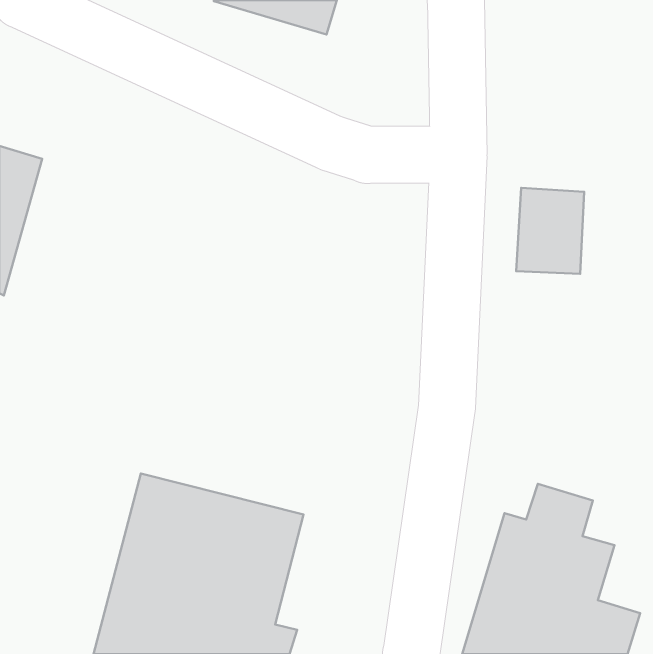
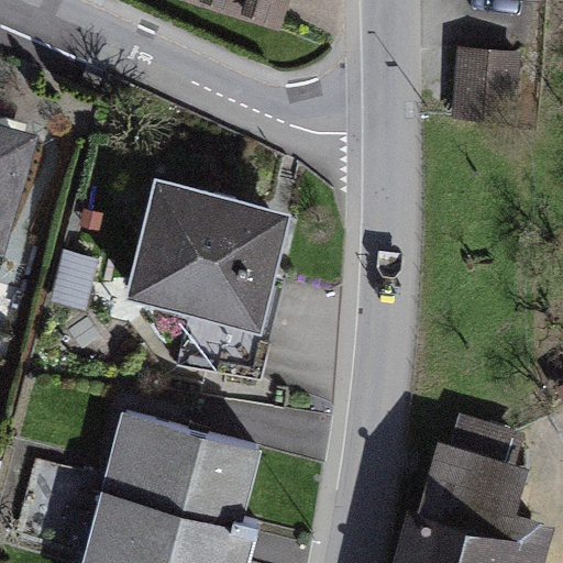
building: [516,188,584,274] -> [457,45,516,119]
building: none -> [126,184,287,379]

